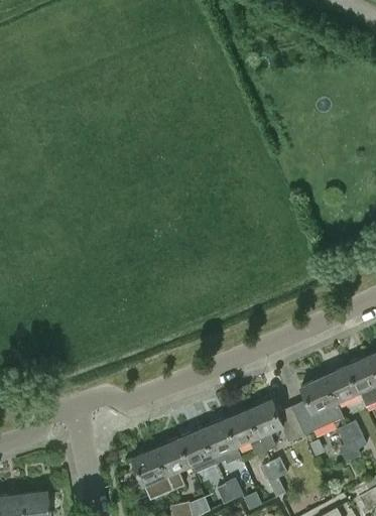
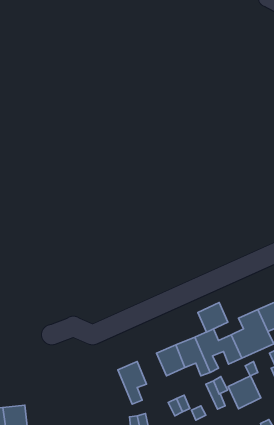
building: none -> [198,303,228,332]
building: [179,428,215,473] -> none
building: [132,448,173,500] -> none
building: none -> [228,376,261,409]

